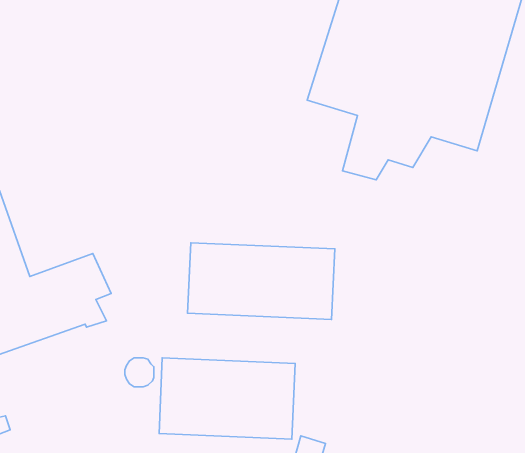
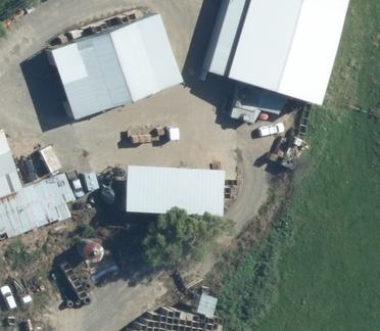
building: none -> [51,12,183,119]
building: [159,358,295,439] -> none

